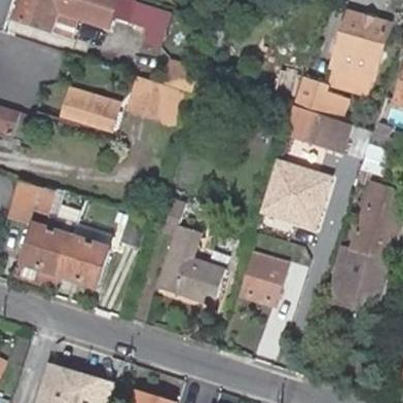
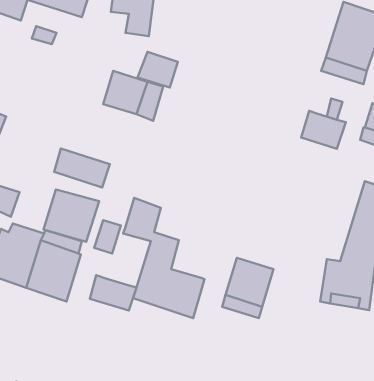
building: [292,81,331,116] -> none
building: [64,94,115,130] -> [54,148,110,187]
building: [257,158,332,232] -> none
building: none -> [44,190,99,242]
building: none -> [90,275,136,311]

